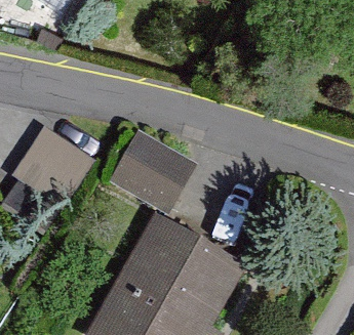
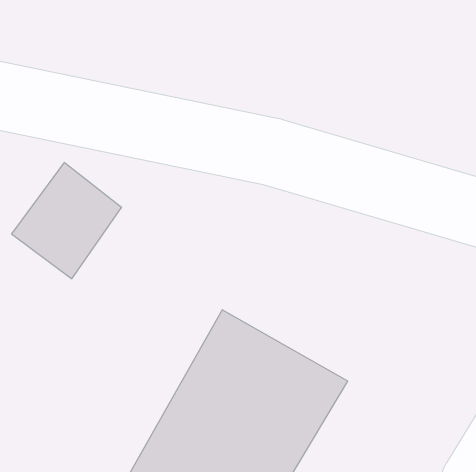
building: [113,133,194,210] -> none

